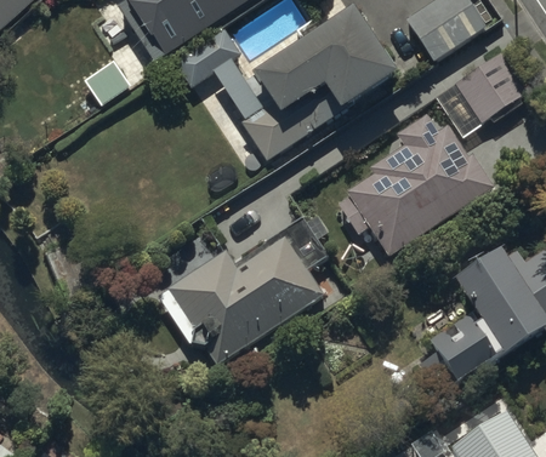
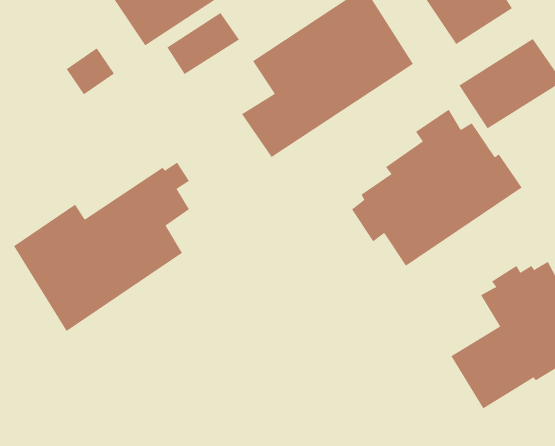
building: [170,212,328,364] -> [13,162,190,332]

